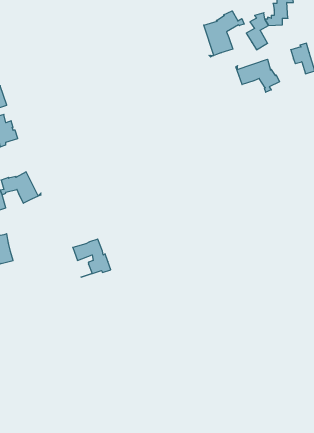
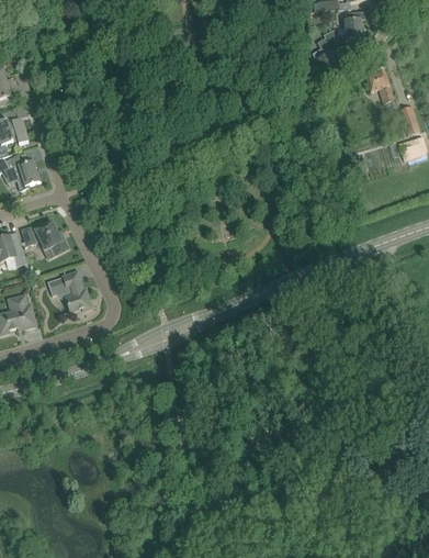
building: [204,11,244,57] -> none
building: [236,59,279,92] -> none
building: [73,239,111,277] -> [46,270,91,315]

